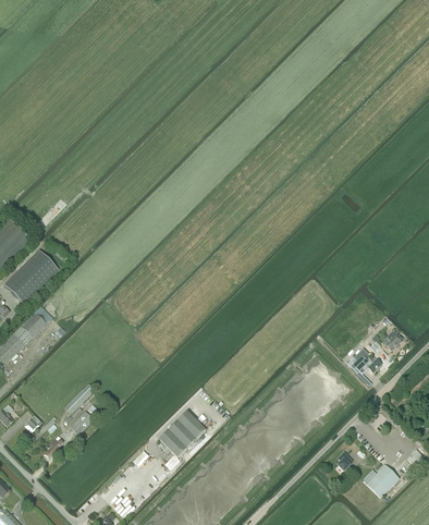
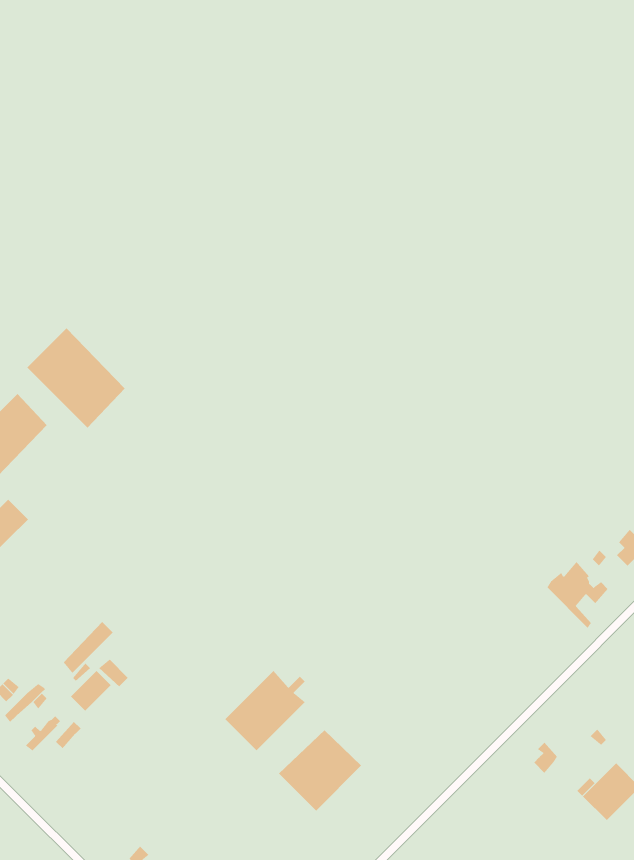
building: none -> [26,327,125,429]
building: none -> [278,729,362,812]

